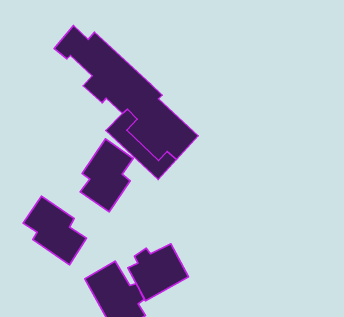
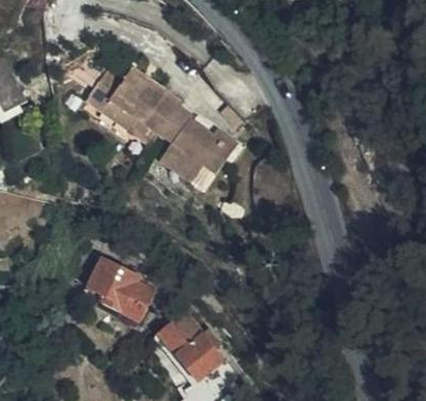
building: [80,139,133,212] -> none
building: [128,244,188,301] -> none

